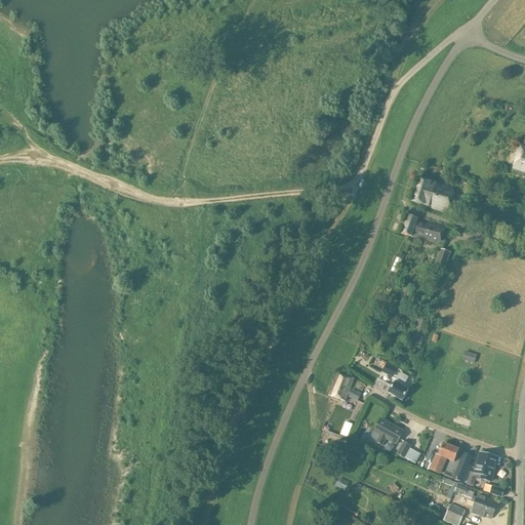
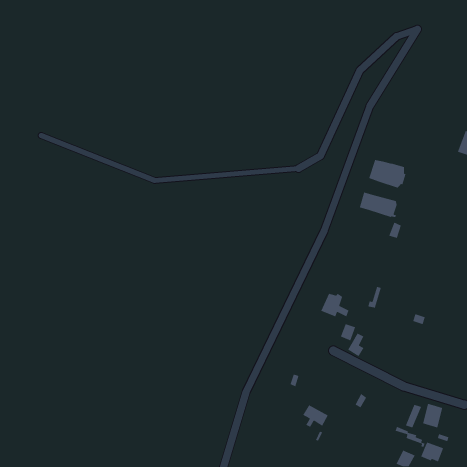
building: [329,373,362,401] -> [320,293,349,318]
building: [374,418,404,445] -> [302,404,329,428]
building: [430,443,460,474] -> none

